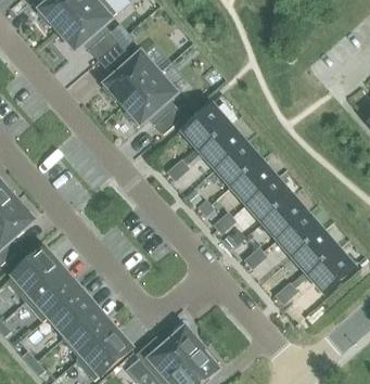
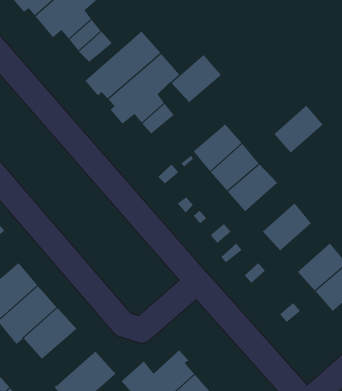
building: [183,105,229,149] -> [171,54,222,103]
building: [246,177,291,220] -> [274,105,323,154]
building: [278,213,322,256] -> none
building: [65,307,113,354] -> none

